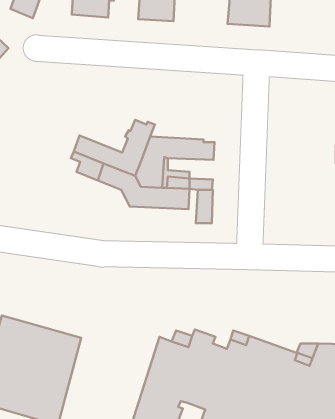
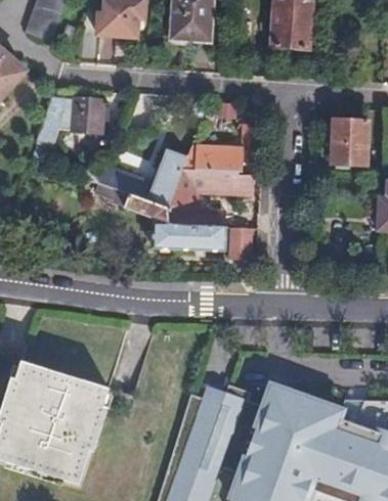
building: none -> [36,96,107,152]
building: none -> [331,120,367,164]
building: none -> [181,136,254,173]

